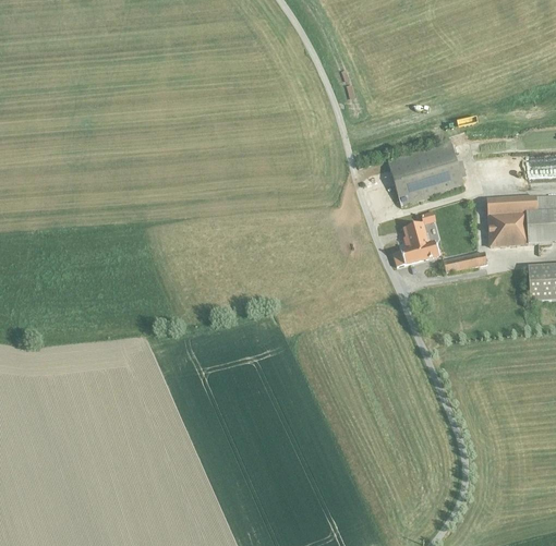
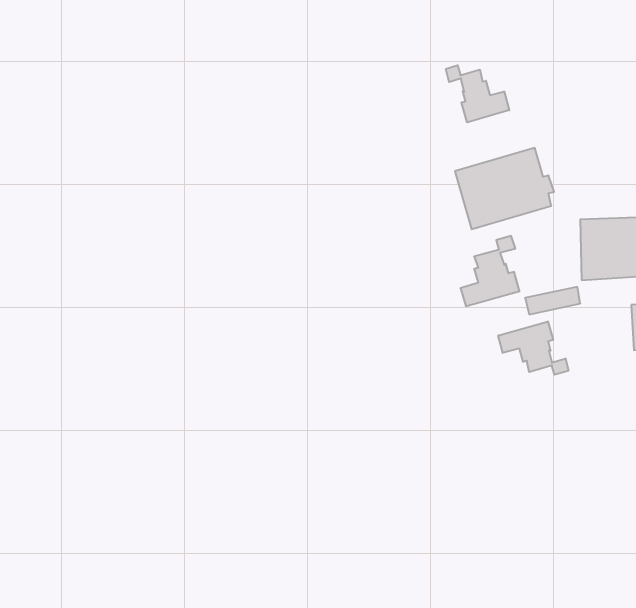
building: none -> [446,65,509,122]
building: none -> [498,321,568,375]

